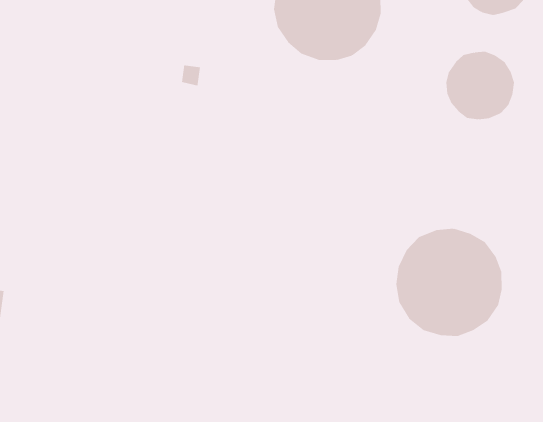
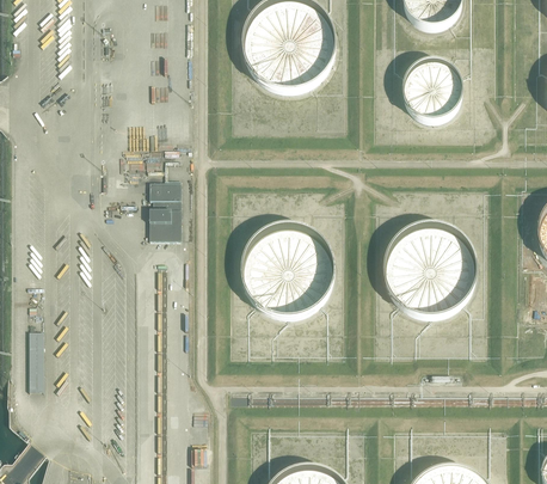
building: none -> [148,180,179,239]
building: none -> [240,222,336,318]

